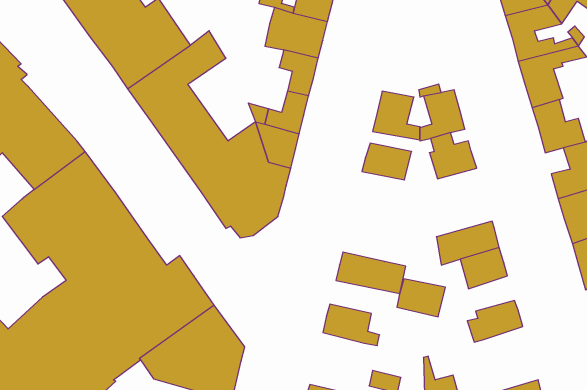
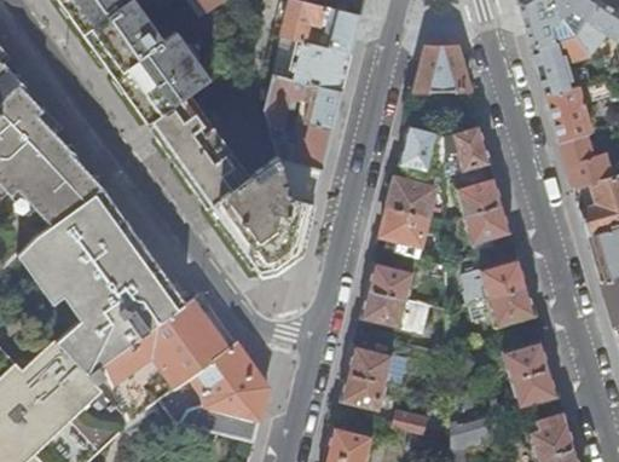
building: none -> [416,46,469,91]
building: none -> [262,75,306,132]
building: none -> [463,204,511,246]
building: none -> [380,208,429,244]
building: [397,279,445,317] -> [366,261,416,300]
building: none -> [510,366,559,409]
building: none -> [339,373,388,411]

